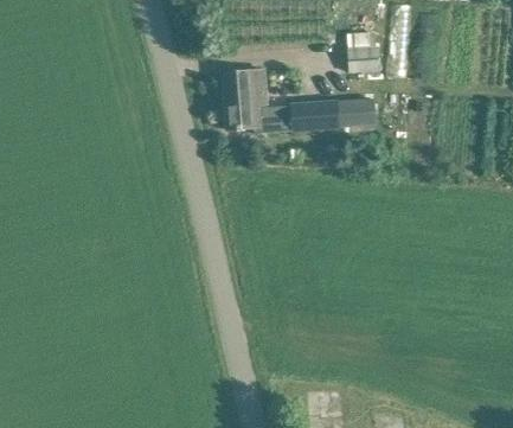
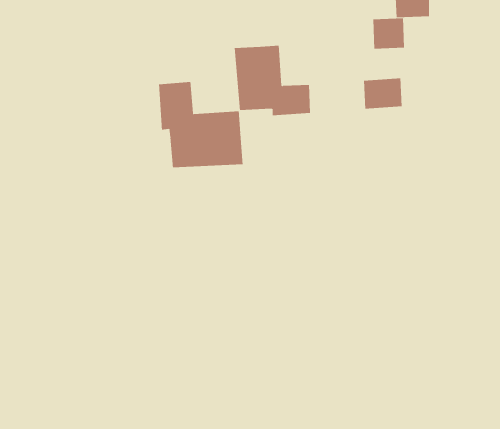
building: [291,101,341,130] -> none
building: none -> [158,81,243,168]

